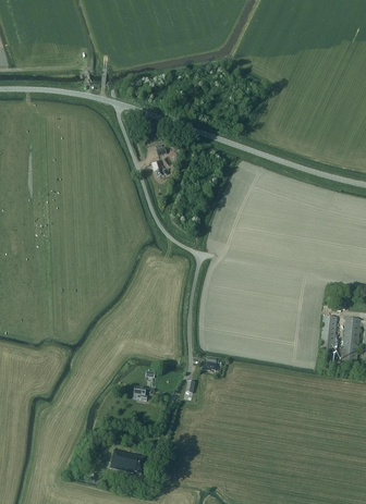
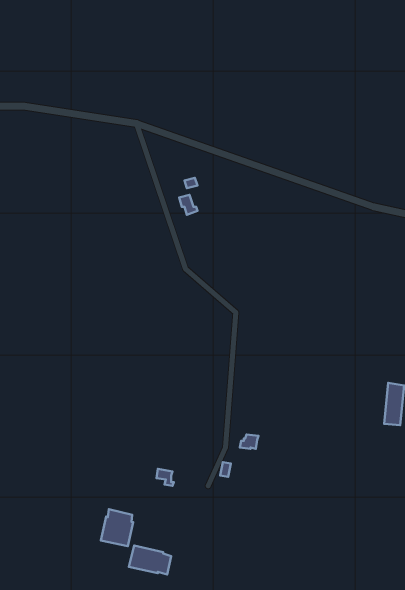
building: none -> [101,509,133,546]

